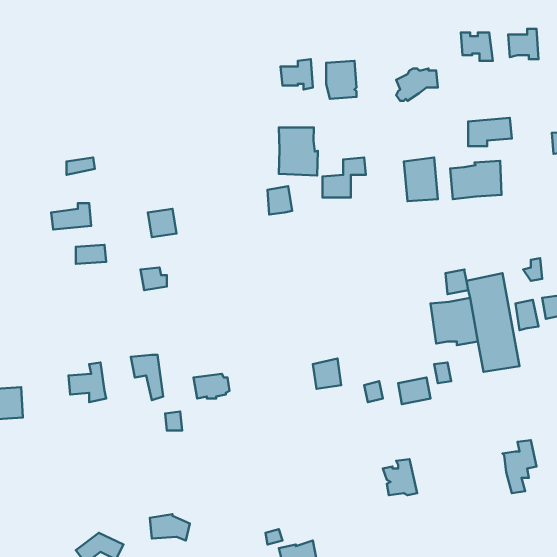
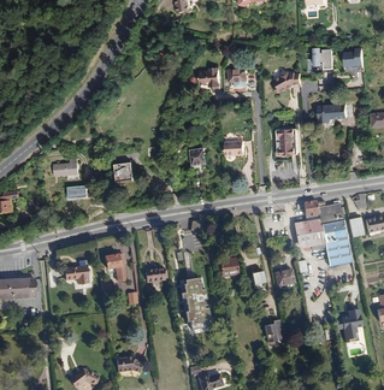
building: [279,127,318,176] -> none
building: [450,161,502,199] -> none
building: none -> [183,277,211,330]

